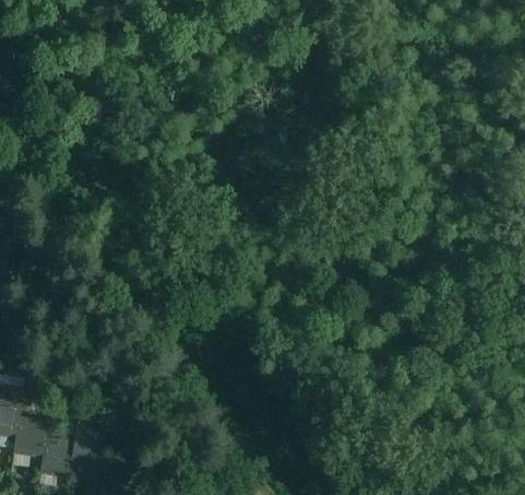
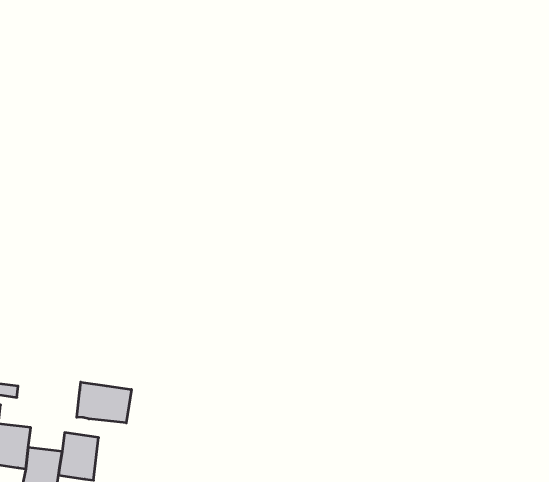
building: none -> [77,382,131,423]

